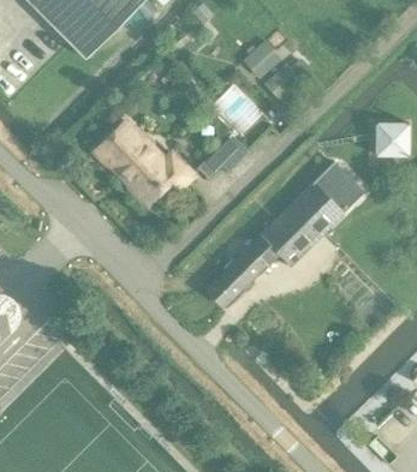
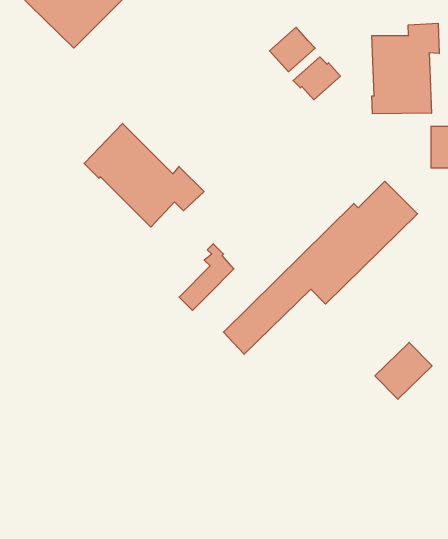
building: none -> [372,23,439,114]
building: [198,124,243,178] -> [179,244,234,310]
building: none -> [375,342,432,399]

